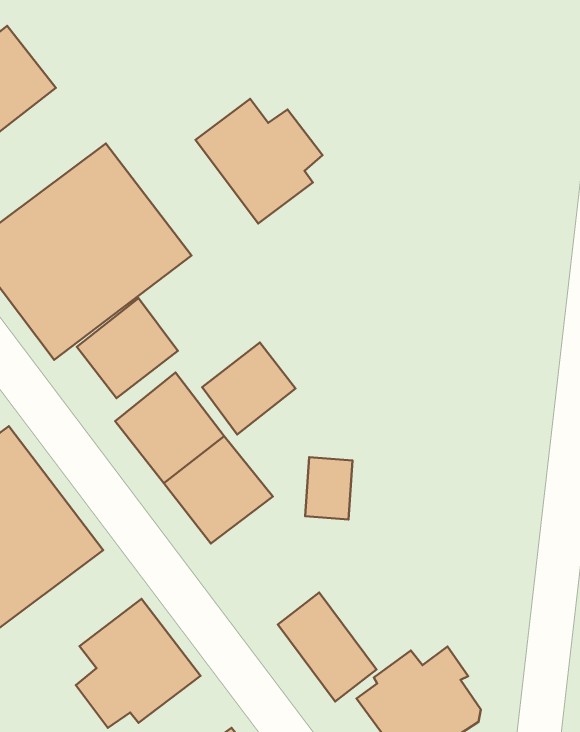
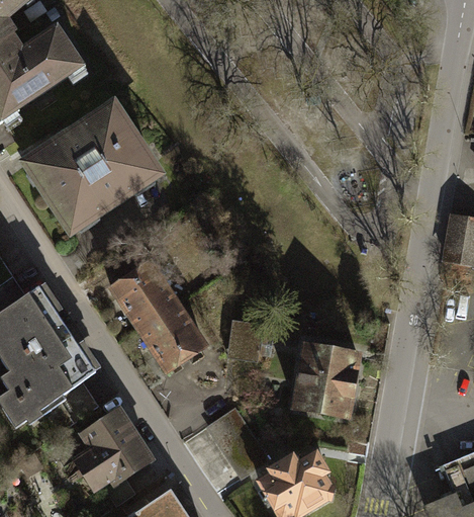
building: [196,99,323,224] -> none
building: [77,298,178,398] -> none
building: [202,343,295,434] -> none
building: none -> [290,336,364,418]

